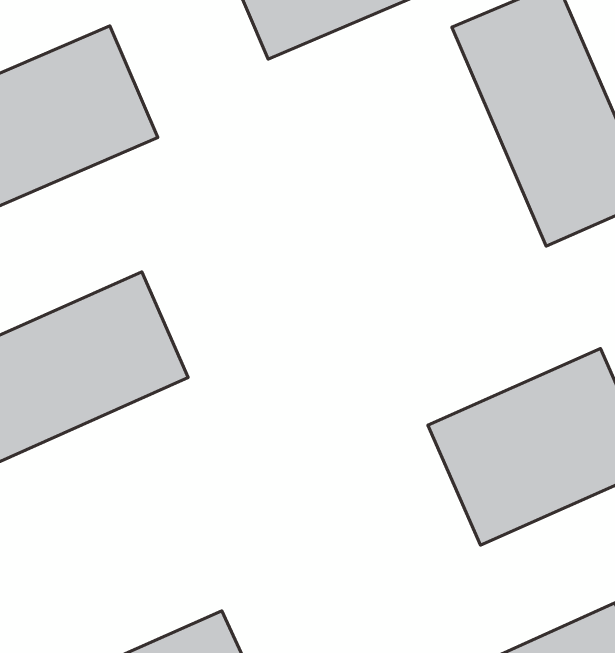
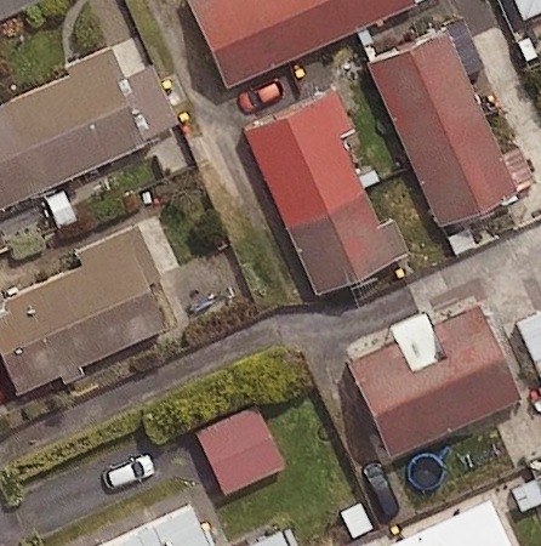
building: none -> [245,98,394,295]
building: none -> [198,406,286,495]

